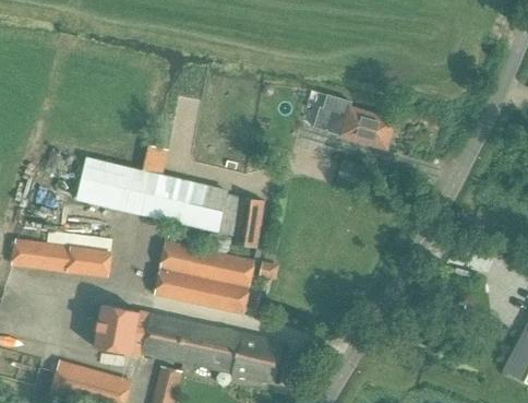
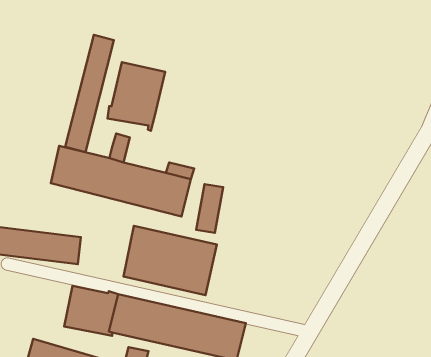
building: none -> [65,35,114,152]
building: none -> [108,62,165,131]
building: [312,95,395,149] -> none

